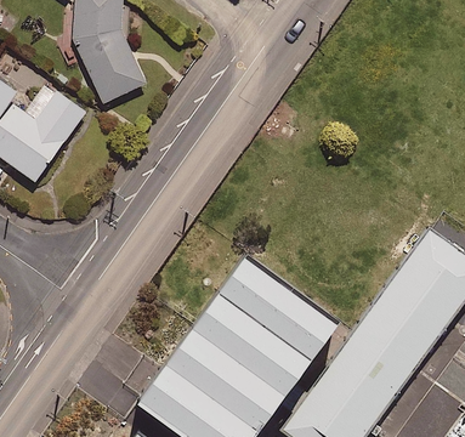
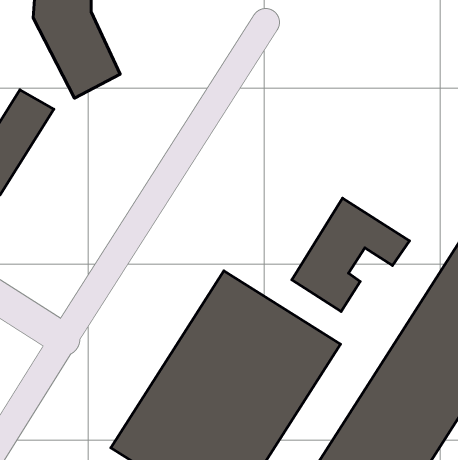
building: none -> [292,198,410,311]

